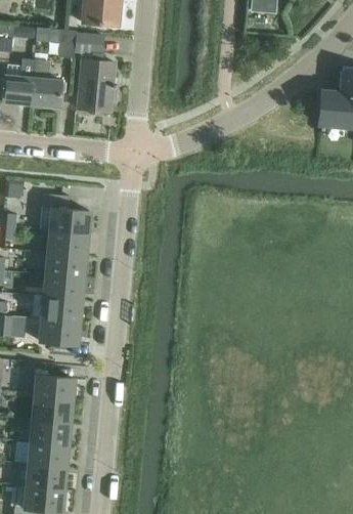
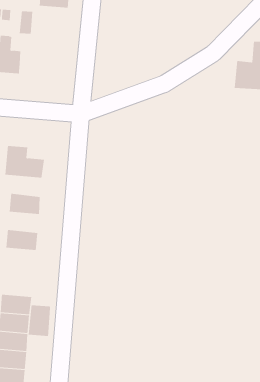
building: [74,31,104,58] -> none
building: [79,59,115,112] -> none
building: [41,229,87,256] -> none
building: [44,274,84,300] -> none
building: [40,318,80,345] -> none
building: none -> [28,298,51,337]

